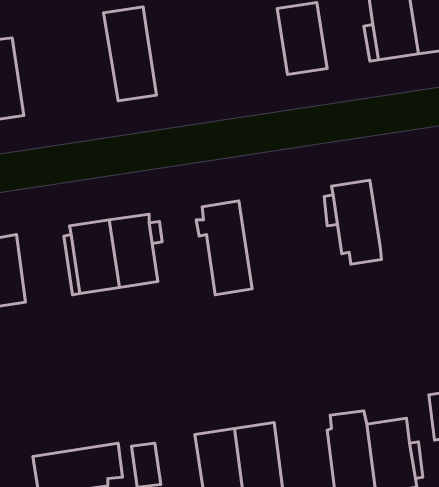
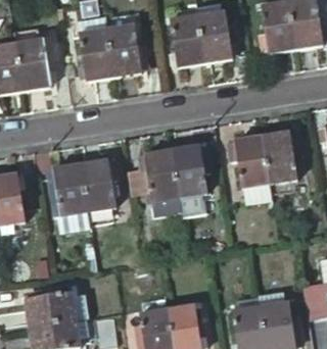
building: none -> [169,15,204,66]
building: none -> [106,24,148,76]
building: none -> [13,32,49,90]
building: none -> [262,131,297,181]
building: none -> [171,144,208,210]
building: none -> [24,290,87,327]

